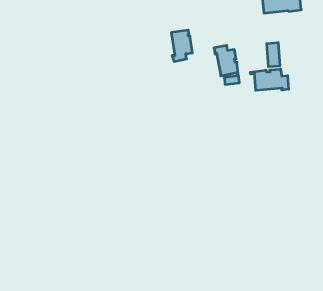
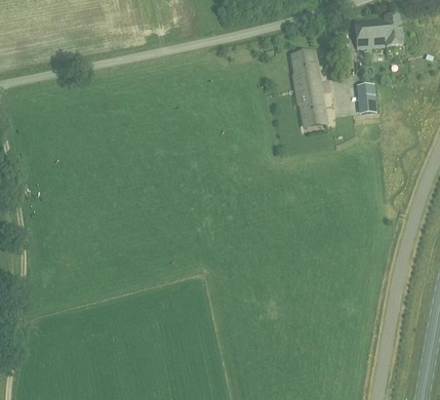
building: [171,30,192,61] -> [291,50,317,88]
building: [250,69,289,90] -> none

